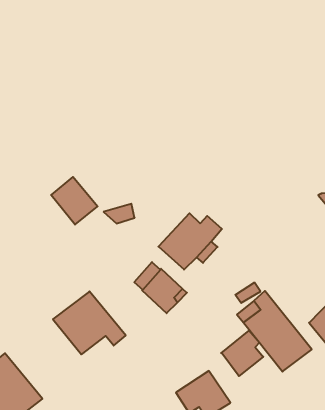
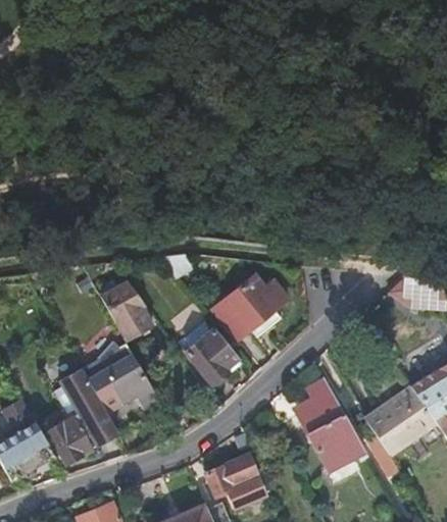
building: [51,177,98,225] -> [103,286,153,341]
building: none -> [46,368,116,462]
building: [221,331,263,376] -> none

